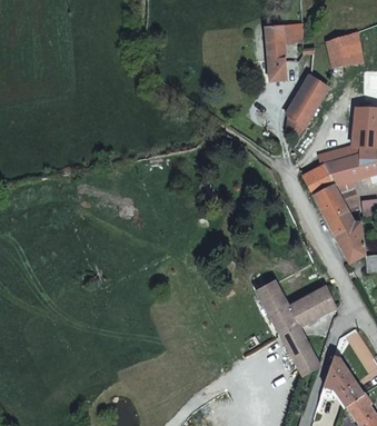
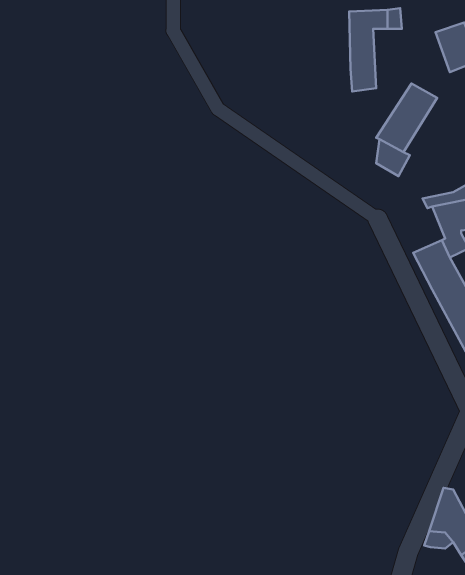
building: [301,161,334,194] -> none
building: [259,280,335,374] -> none

